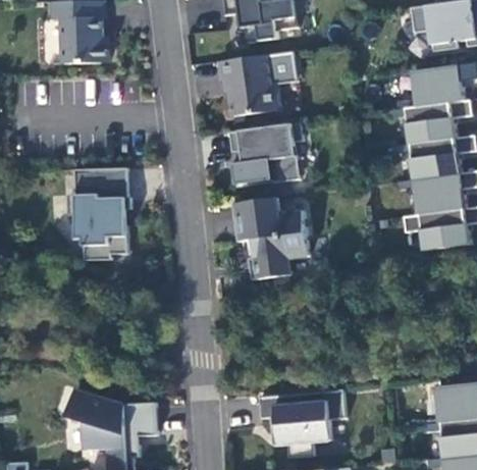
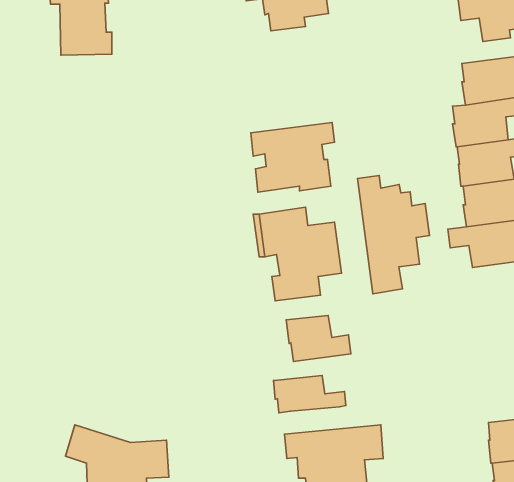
building: [217,52,297,116] -> none
building: [66,168,129,260] -> none
building: none -> [358,176,430,294]
building: none -> [286,316,351,362]
building: none -> [274,376,346,413]

